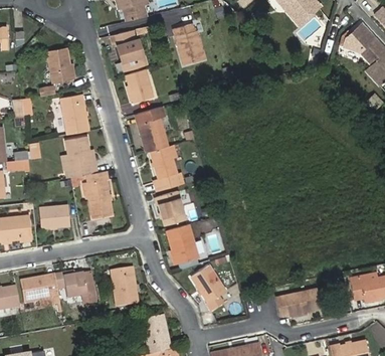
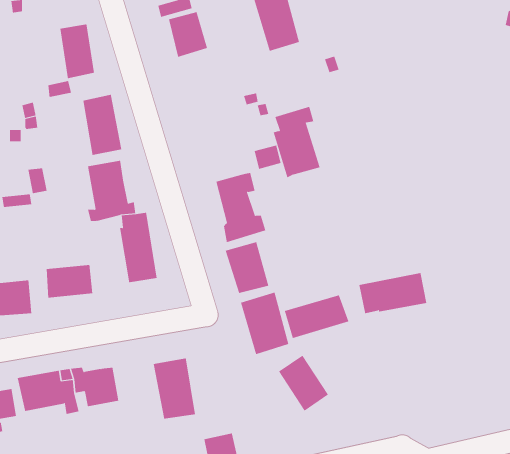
building: [128,69,152,102] -> none
building: [138,106,169,153] -> [273,106,320,178]
building: none -> [284,294,349,339]
building: [276,288,322,315] -> [358,272,427,314]

